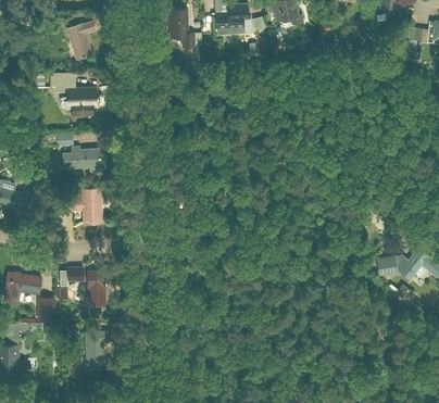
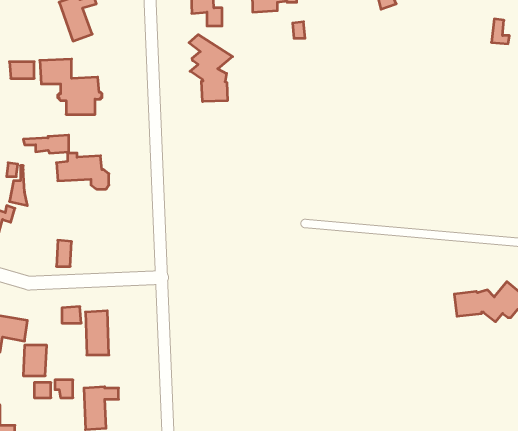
building: none -> [189,35,233,102]
building: [66,189,101,223] -> none

